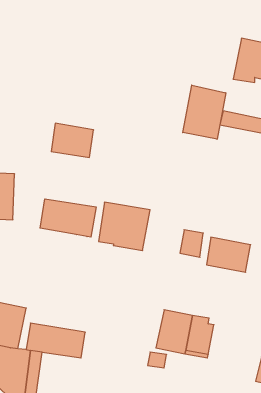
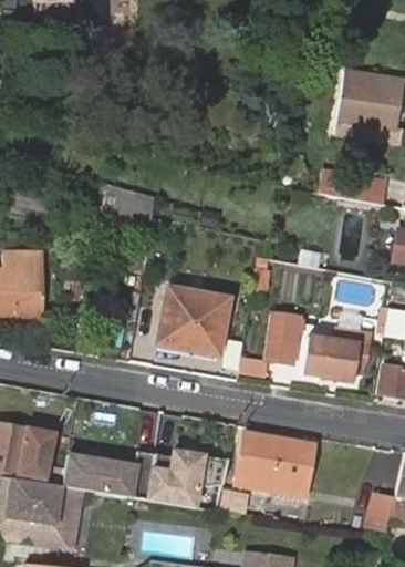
building: [183,85,226,139] -> none
building: [40,199,96,237] -> none
building: none -> [146,446,208,509]

